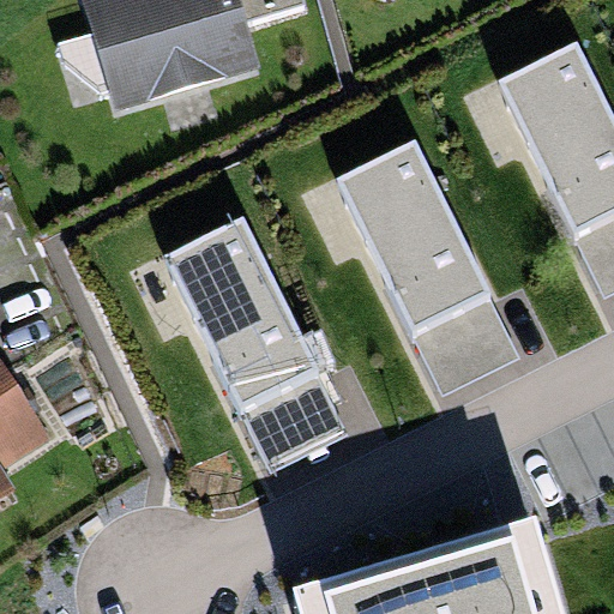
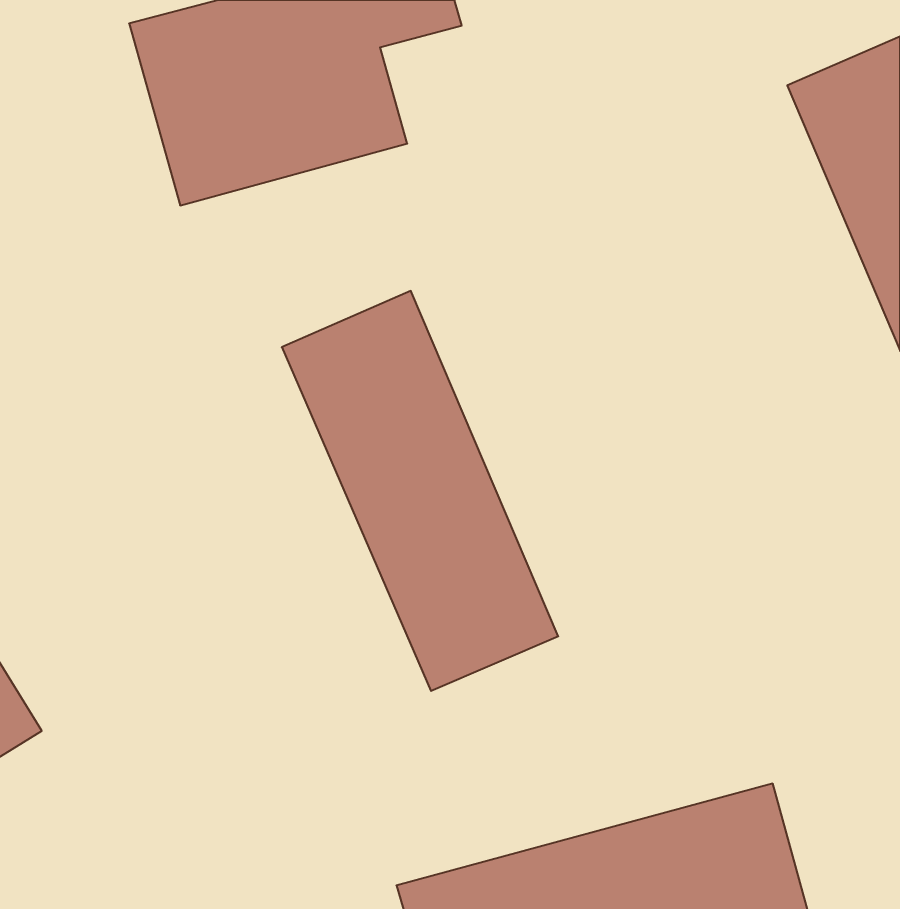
building: [354,126,536,389] -> none

